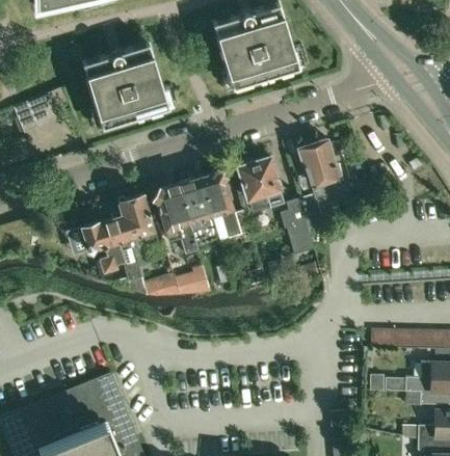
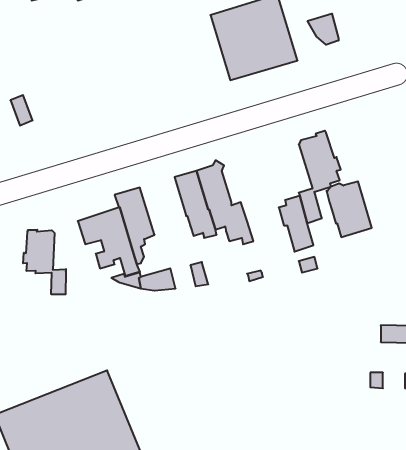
building: none -> [308,14,339,45]
building: [81,42,167,126] -> none
building: [238,156,283,211] -> [326,181,372,237]
building: [154,182,197,252] -> none
building: none -> [23,230,66,294]

